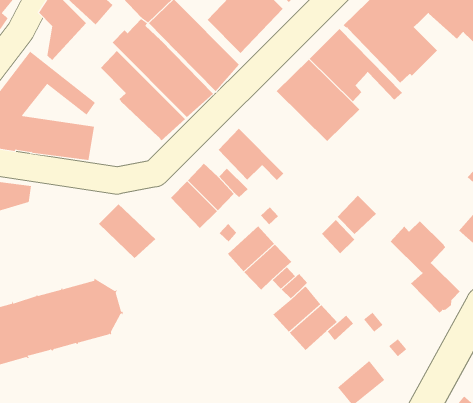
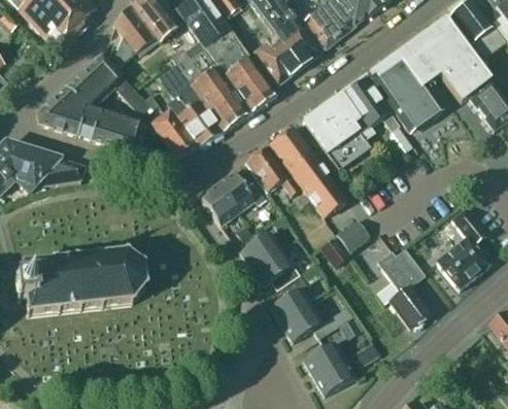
building: none -> [268,127,346,215]
building: [98,203,156,259] -> [150,107,197,156]
building: none -> [302,340,344,376]

